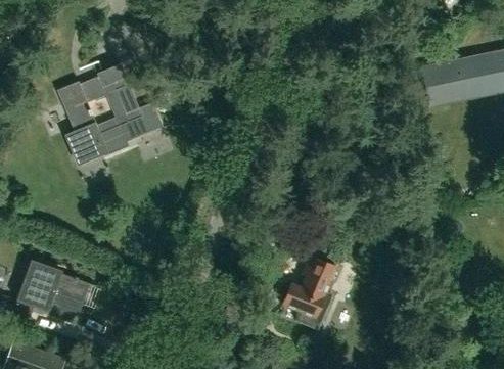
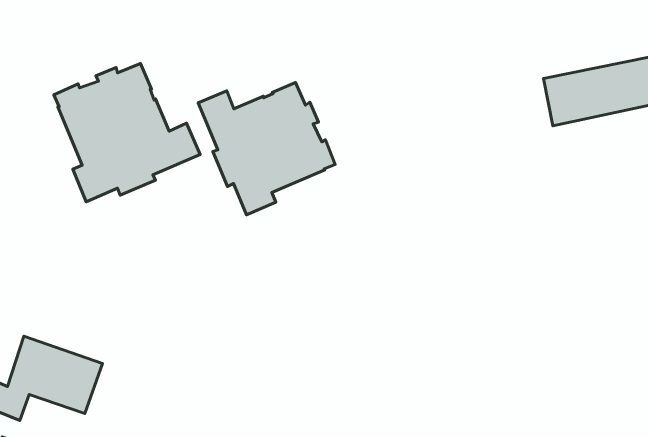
building: none -> [198,82,335,215]
building: [283,259,336,329] -> none

